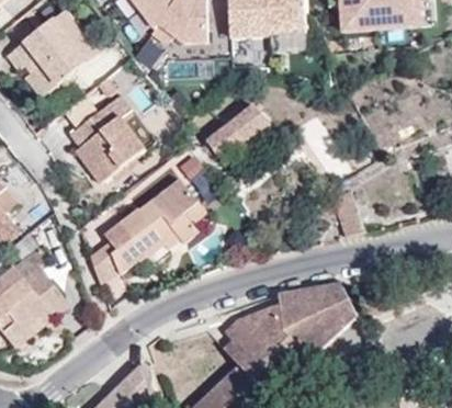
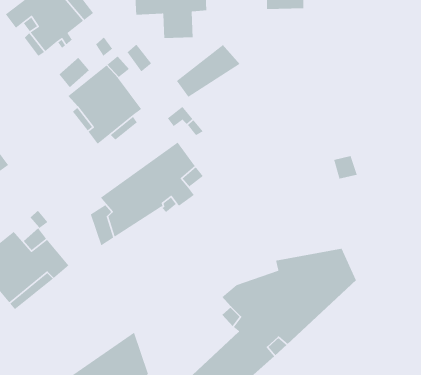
building: [206,103,270,156] -> [176,44,241,98]

